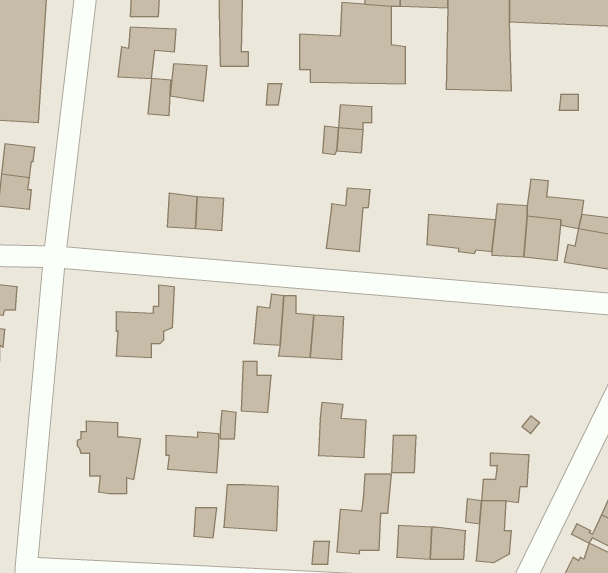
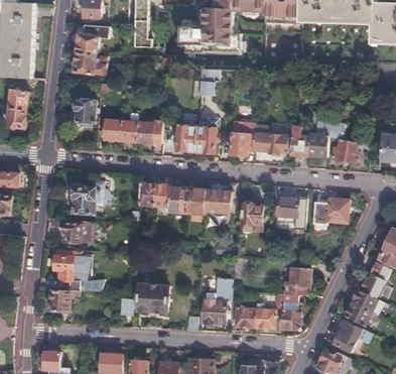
building: [170,64,207,101] -> [74,52,95,74]
building: none -> [76,99,98,122]
building: none -> [135,122,162,142]
building: none -> [229,123,254,154]
building: none -> [176,125,197,150]
building: none -> [275,198,297,218]
building: none -> [325,199,348,223]
building: none -> [240,204,261,231]
building: [241,361,271,413] -> [138,175,155,205]
building: [318,403,366,457] -> [204,180,231,212]
building: [166,432,219,473] -> [63,220,94,243]
building: none -> [48,290,80,311]

